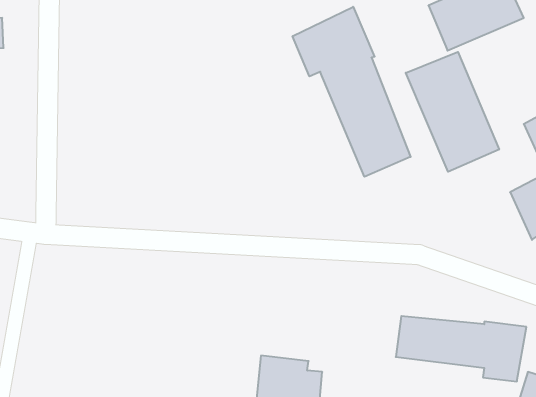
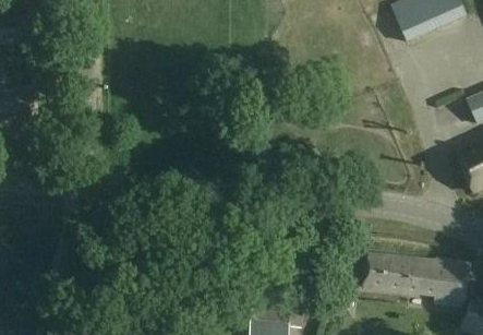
building: [293,7,411,177] -> none
building: [406,52,499,172] -> none

